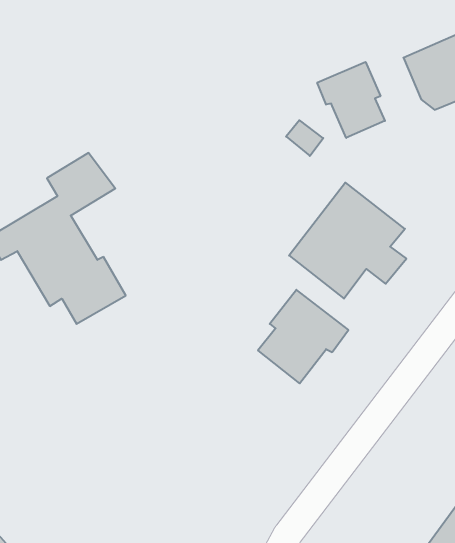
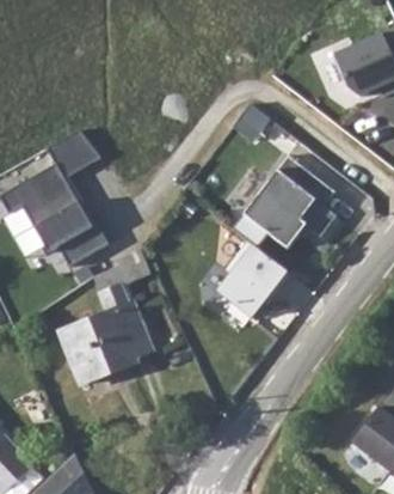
building: [317,62,385,138] -> none
building: none -> [61,250,154,385]

